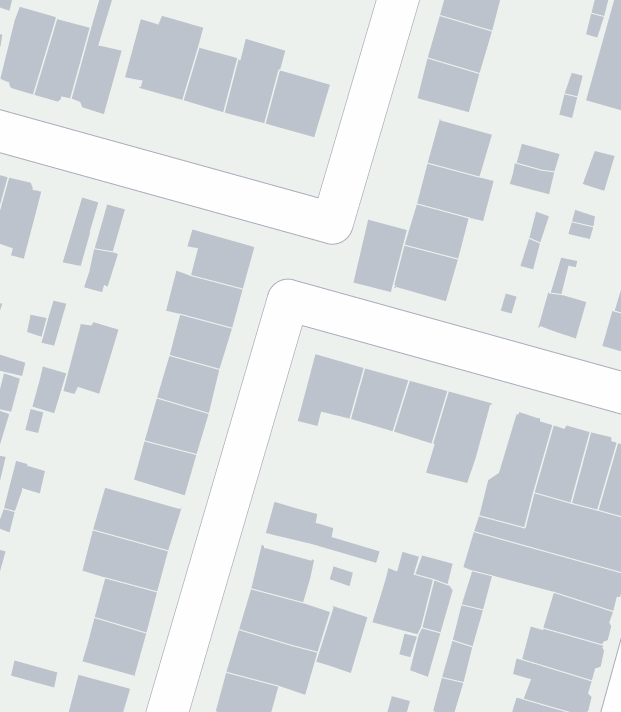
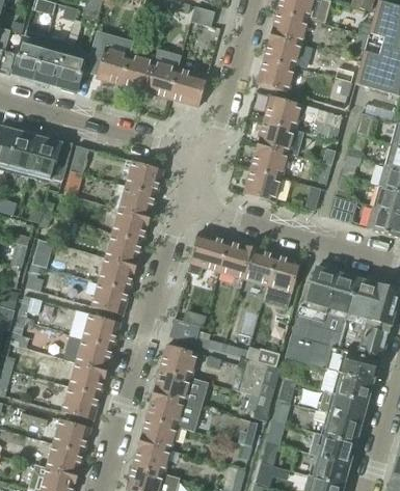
building: [353,219,408,293] -> none
building: [62,322,119,395] -> [28,137,61,180]
building: [315,605,368,674] -> none

